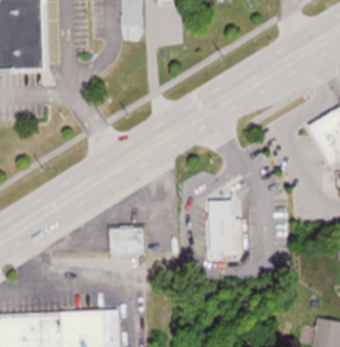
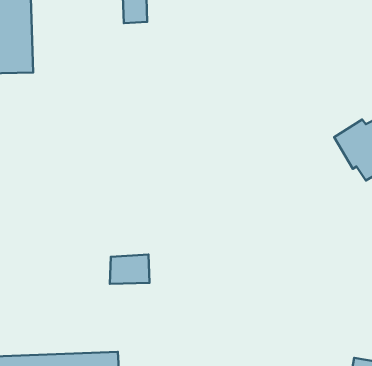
building: [204,199,235,253] -> none

